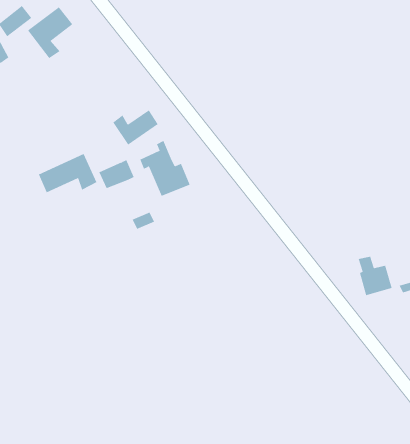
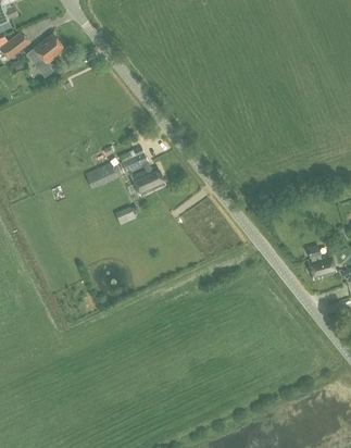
building: [112,110,159,145] -> none
building: [38,153,97,193] -> none

